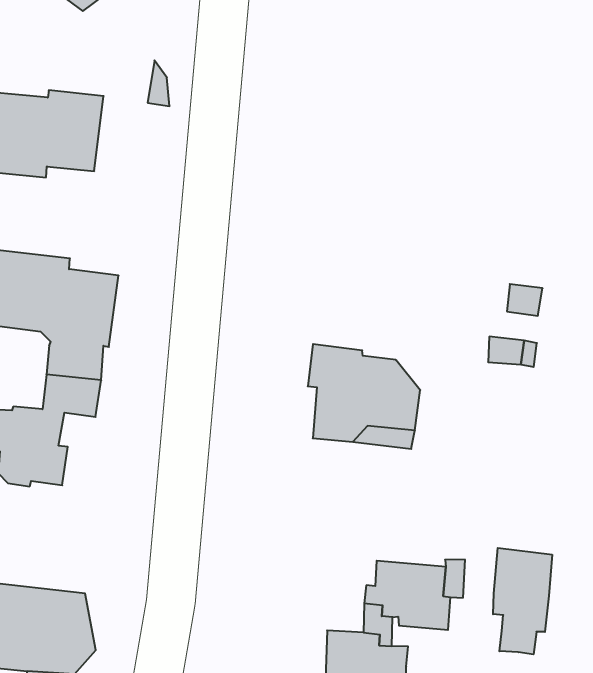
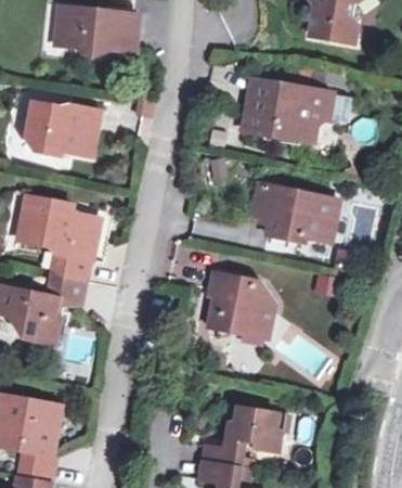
building: none -> [244,80,330,142]
building: none -> [250,183,339,243]
building: [493,548,552,654] -> none

